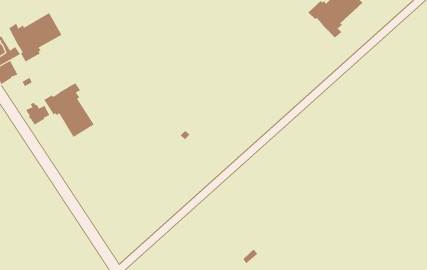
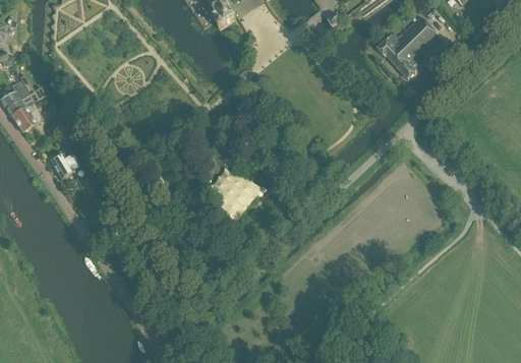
building: [8,12,62,63] -> none
building: [43,82,95,138] -> none

